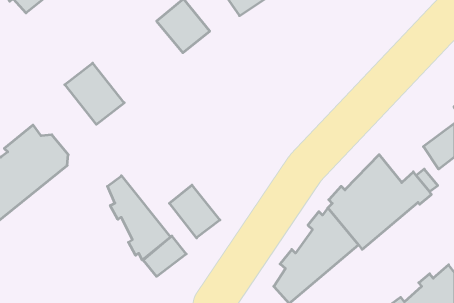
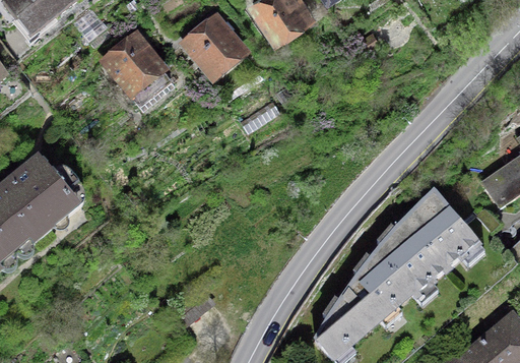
building: [65,63,124,124] -> [103,39,170,108]
building: [107,176,170,260] -> none
building: [169,185,220,238] -> none

